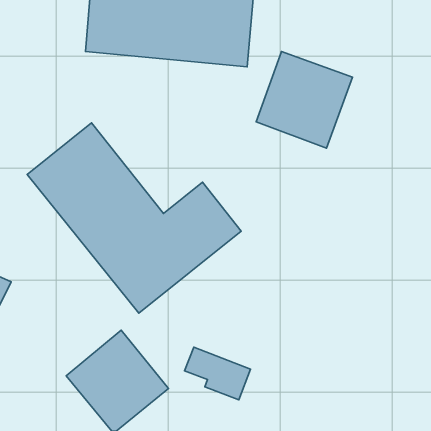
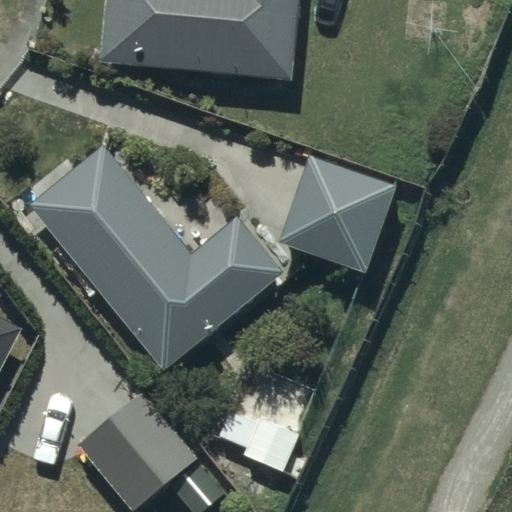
building: [256,52,353,148] -> [278,159,392,273]

